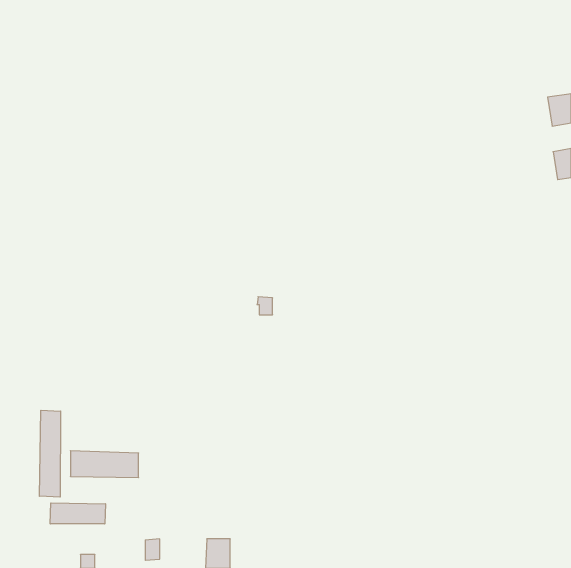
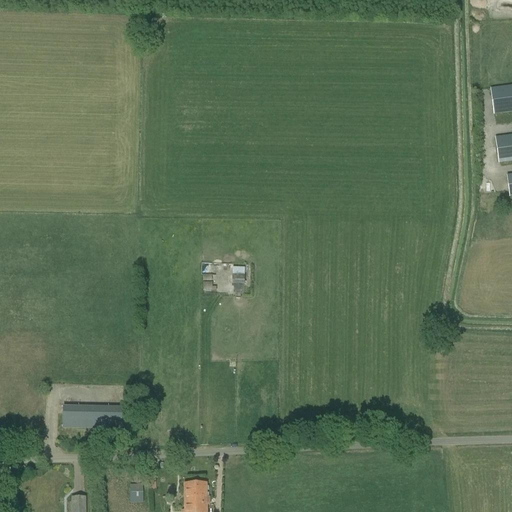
building: [39,410,61,497] -> none
building: [50,503,105,524] -> none

